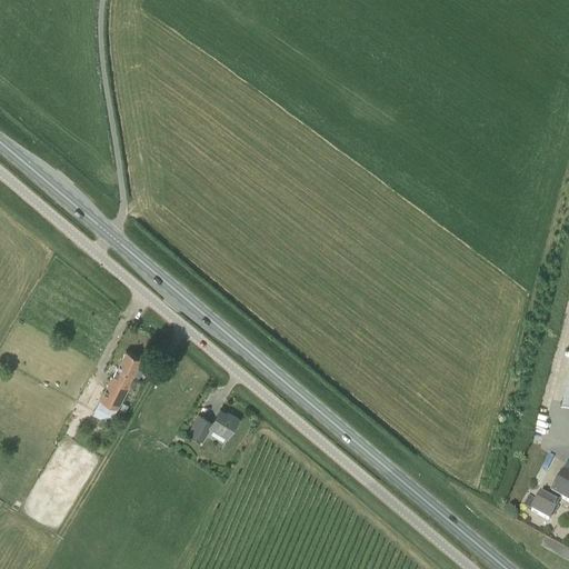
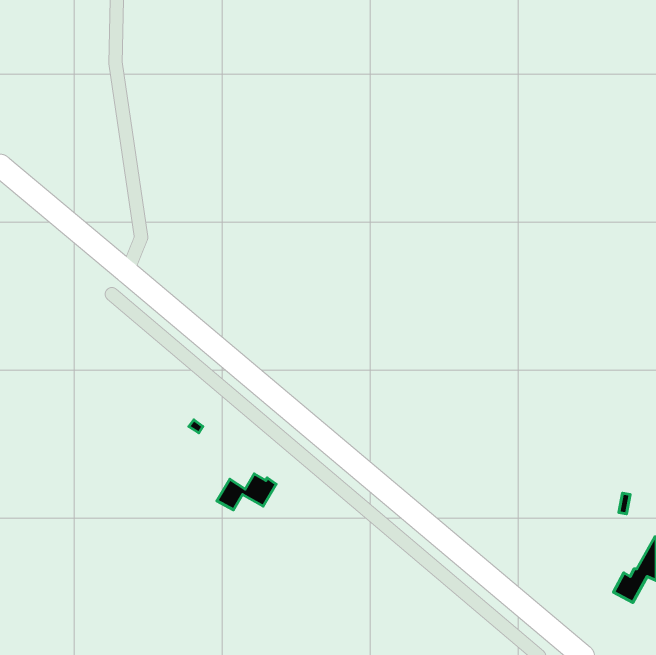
building: [100,352,142,409] -> none

